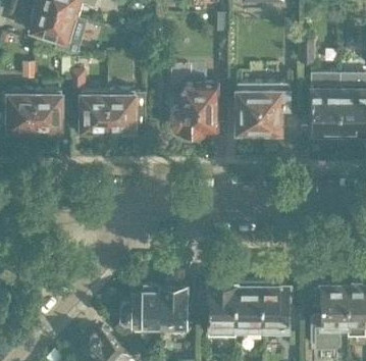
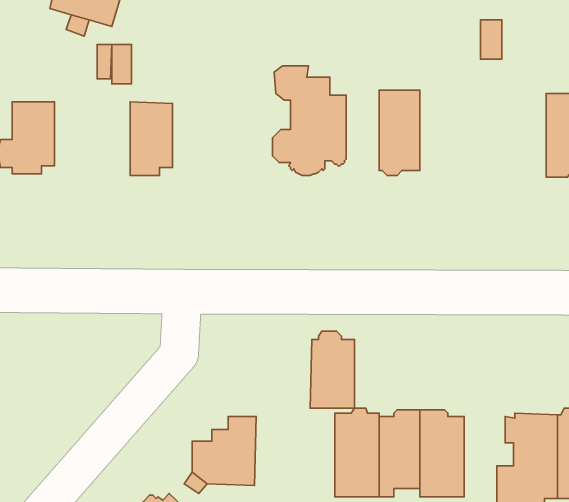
building: [262,83,289,137] -> none
building: [311,85,341,137] -> none
building: [35,90,61,135] -> none
building: [108,91,145,136] -> none
building: [159,280,187,328] -> [310,331,354,408]

